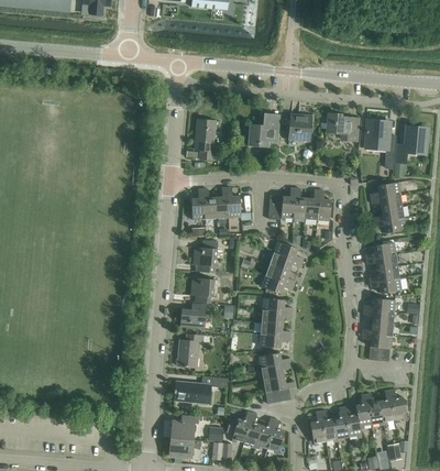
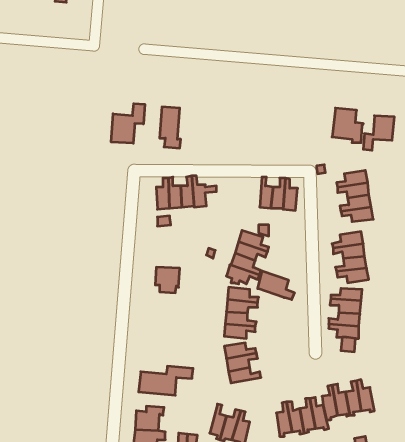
building: [248,112,278,147] -> none
building: [327,112,359,142] -> none
building: [288,113,311,142] -> none
building: none -> [111,104,145,143]
building: [268,187,296,220] -> none
building: [192,240,218,272] -> none
building: none -> [258,271,294,300]
building: [180,303,212,328] -> none
building: [177,333,210,368] -> none
building: [227,412,252,442] -> none

